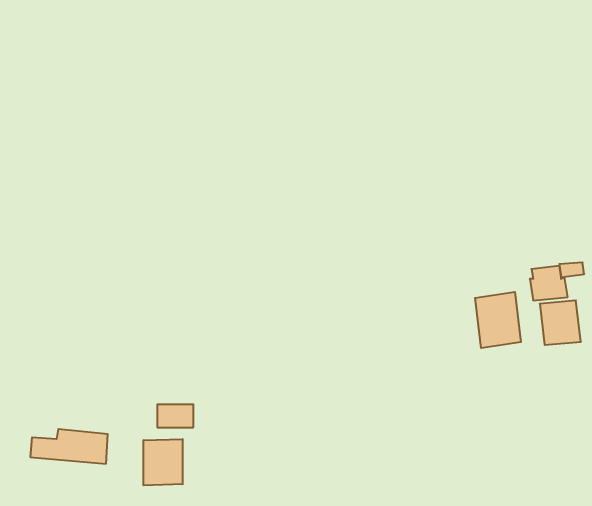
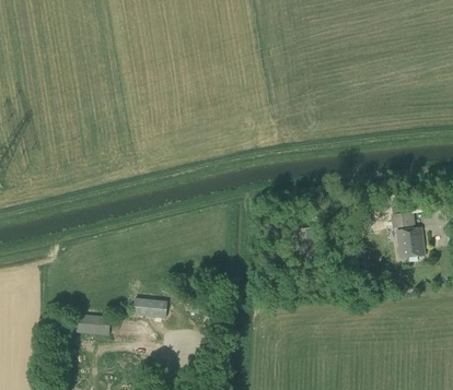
building: [475,292,521,348] -> none
building: [144,439,183,485] -> none

